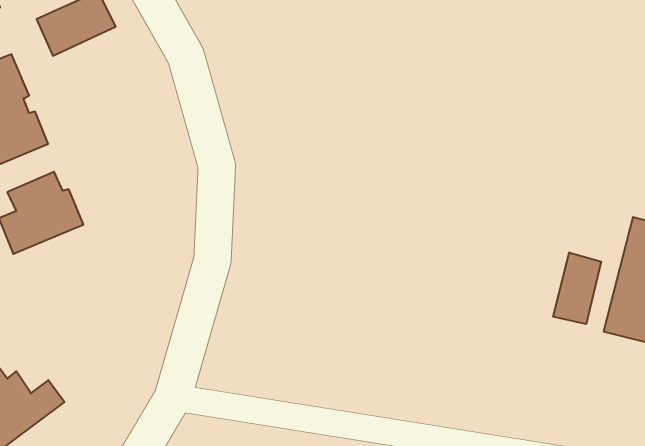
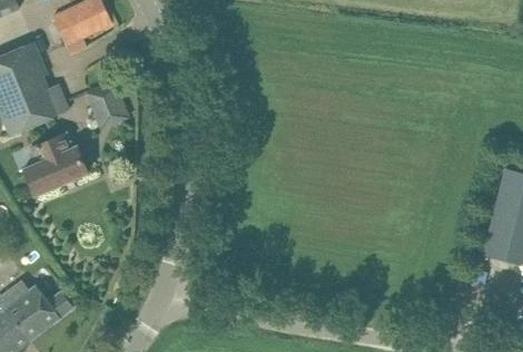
building: none -> [85,80,130,126]
building: [553,252,601,324] -> none

